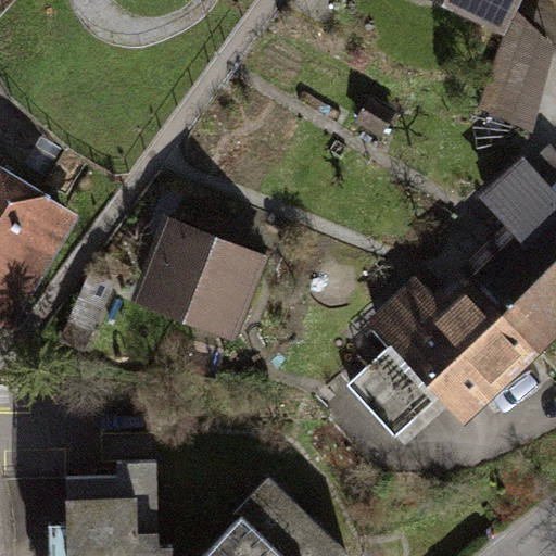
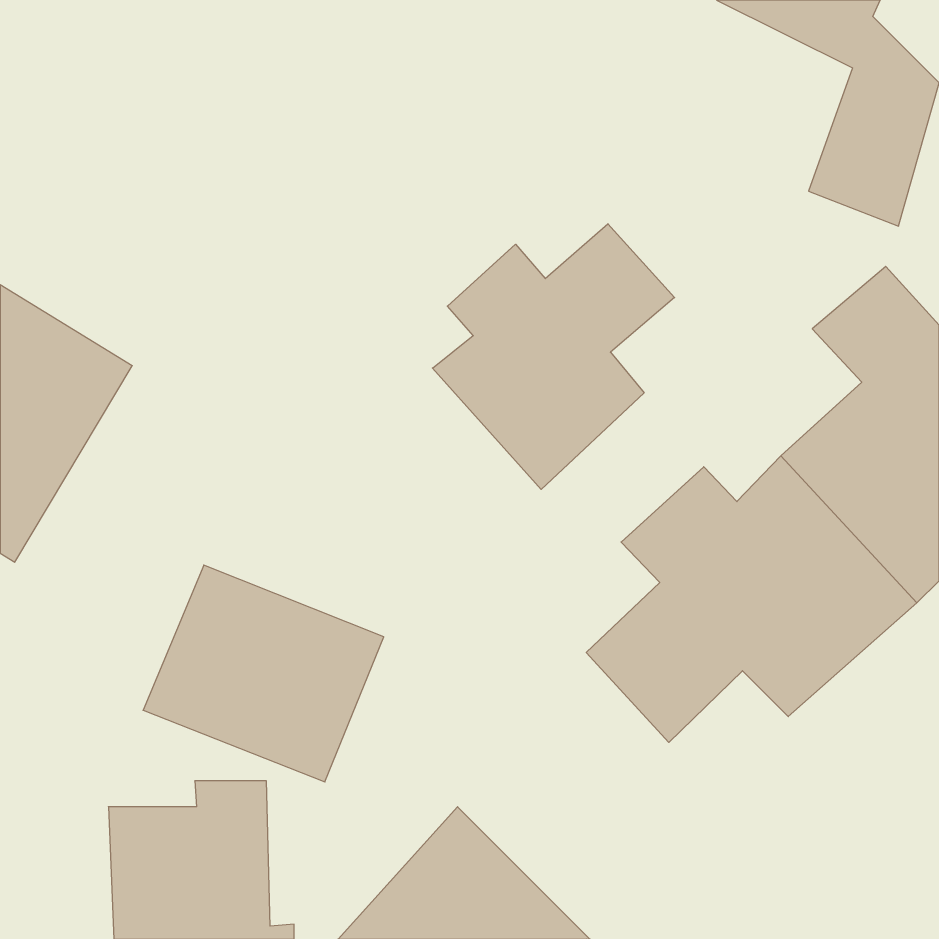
building: none -> [432,224,675,489]
building: [129,214,271,342] -> [143,565,384,782]

